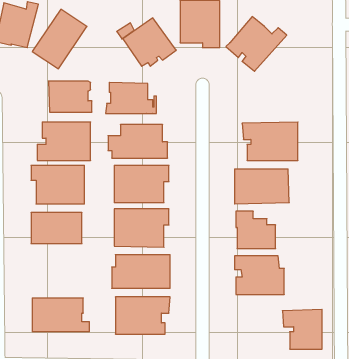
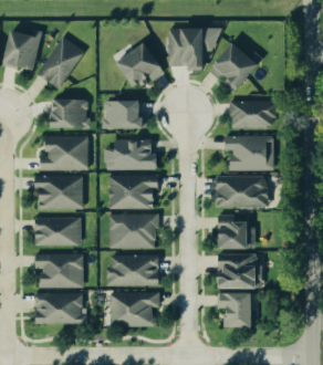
building: none -> [230,101,278,128]
building: none -> [35,253,83,288]
building: [282,309,322,349] -> [216,293,251,328]

